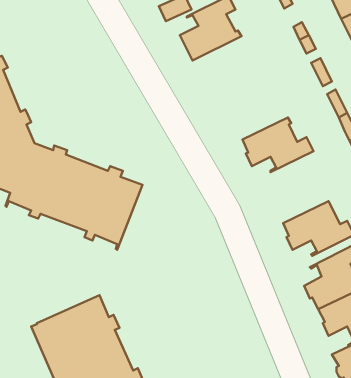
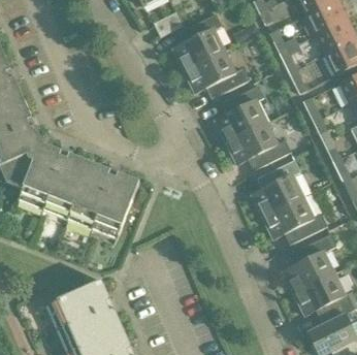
building: none -> [184,49,249,98]
building: none -> [215,84,268,140]
building: none -> [251,158,304,215]

